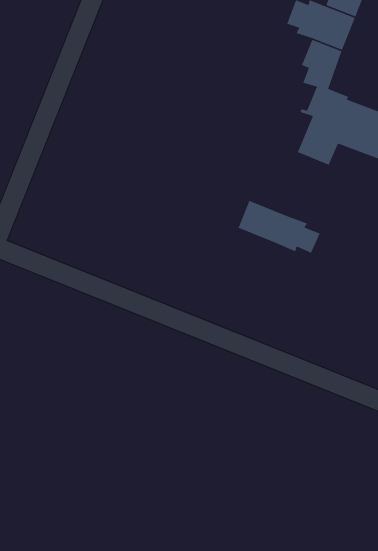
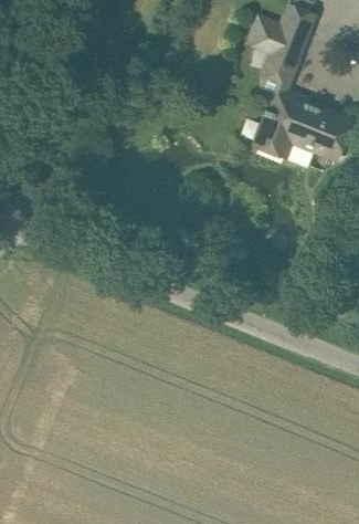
building: [238,200,321,254] -> none

